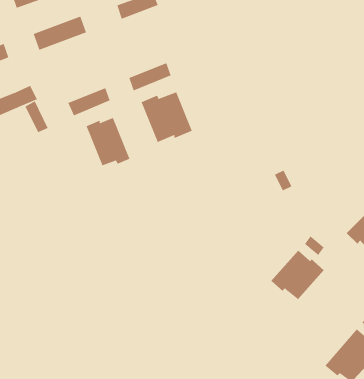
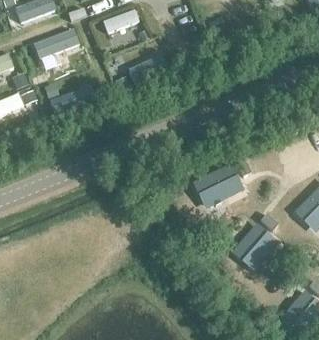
building: [141,92,193,143] -> none
building: [86,117,130,166] -> none
building: none -> [194,165,244,206]

